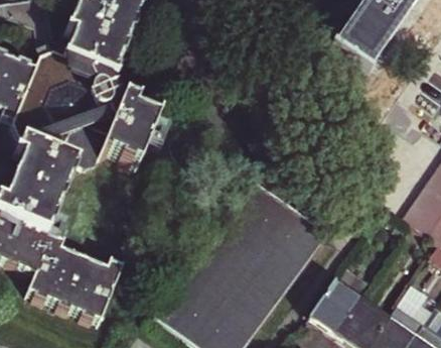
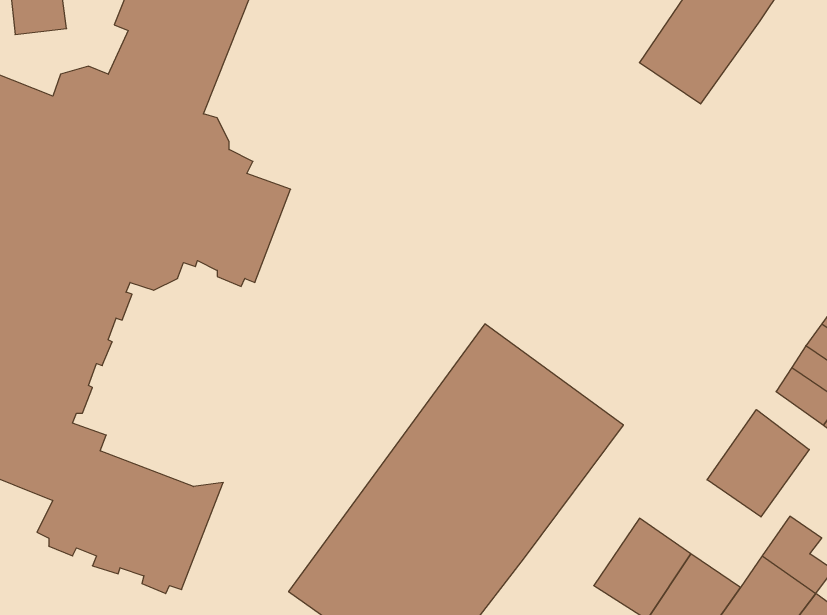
building: none -> [707,410,809,517]

